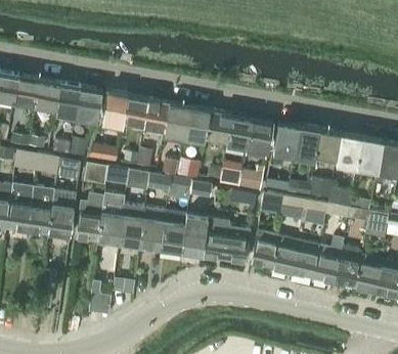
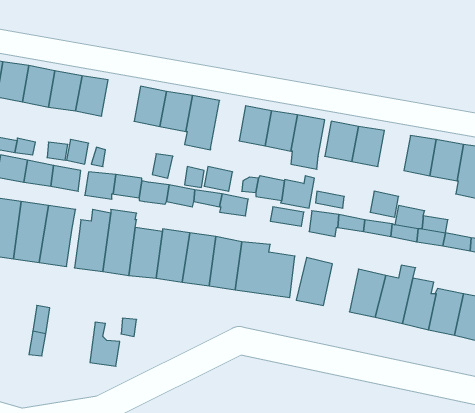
building: [101,91,128,127] -> none
building: [183,106,211,147] -> none
building: [315,130,341,162] -> none
building: [272,235,300,273] -> none

